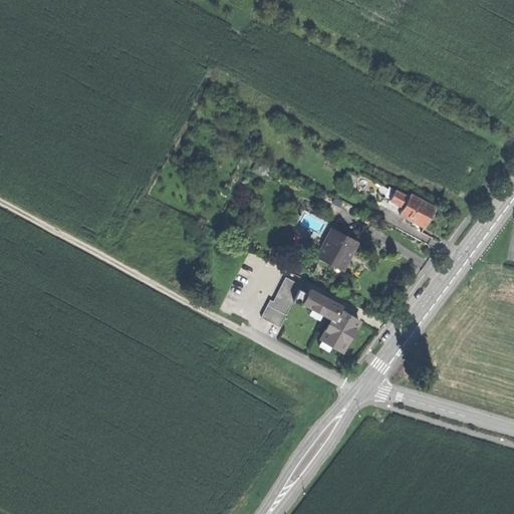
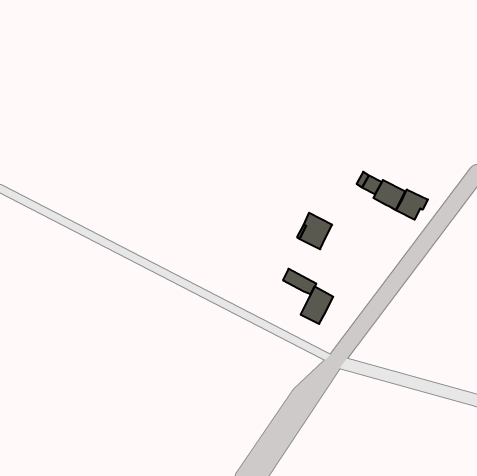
building: none -> [396,189,428,220]
building: [259,277,300,326] -> none

